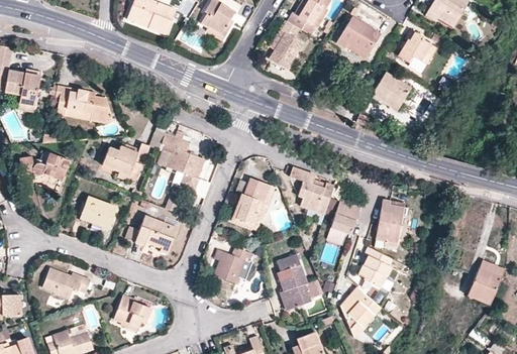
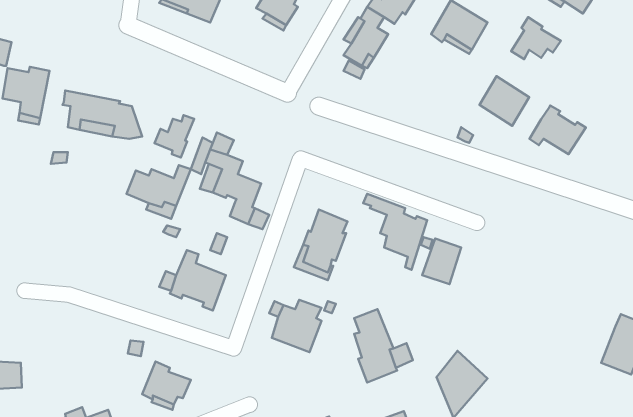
building: none -> [530,105,586,154]
building: none -> [154,115,194,158]
building: [19,153,70,182] -> none
building: [79,196,115,229] -> none
building: [376,200,403,247] -> none
building: [357,247,391,288] -> none
building: [42,268,90,299] -> none

